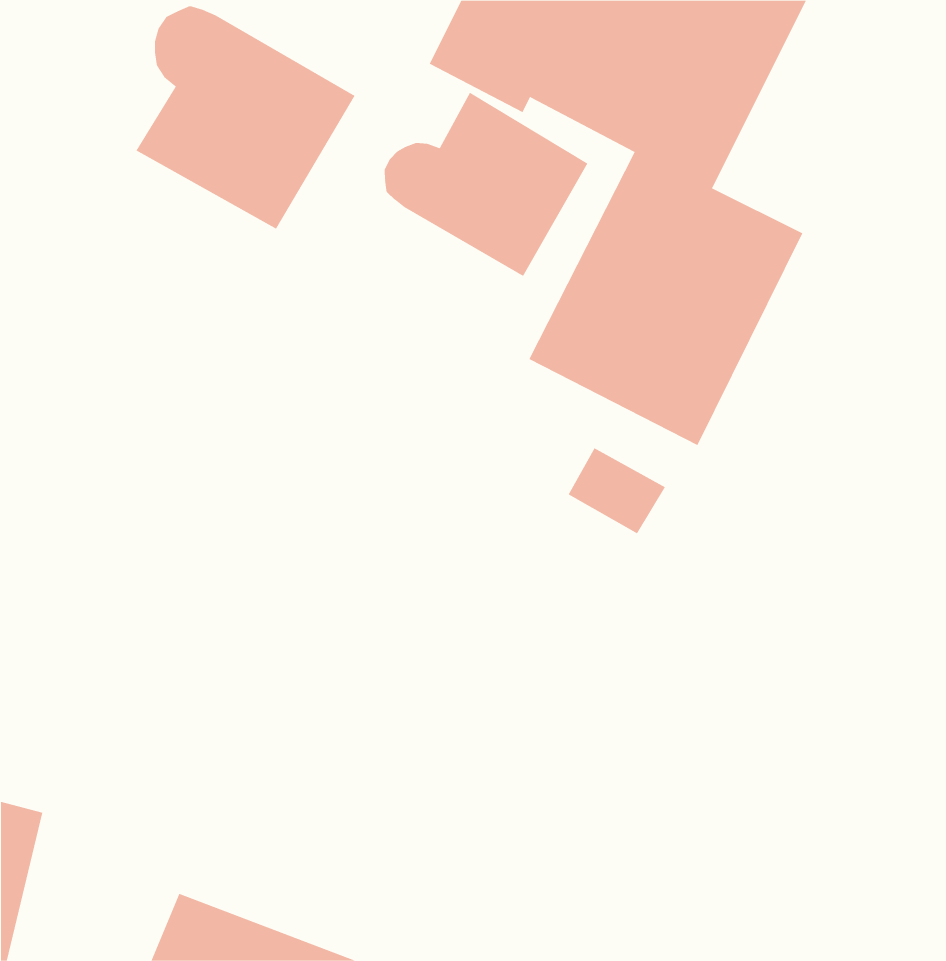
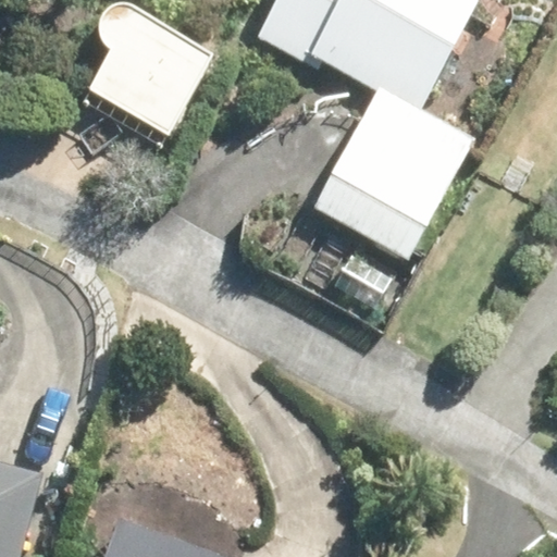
building: [384,92,588,277] -> none

